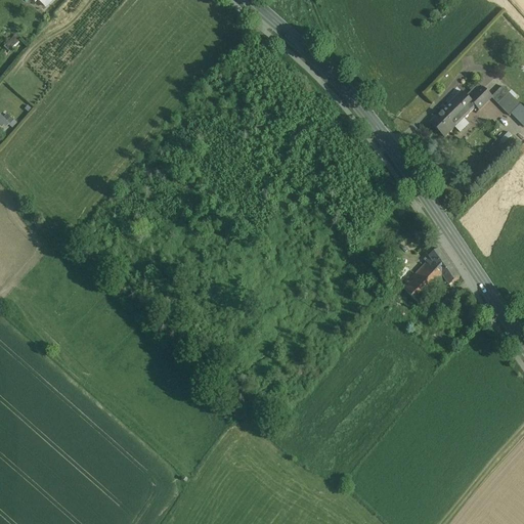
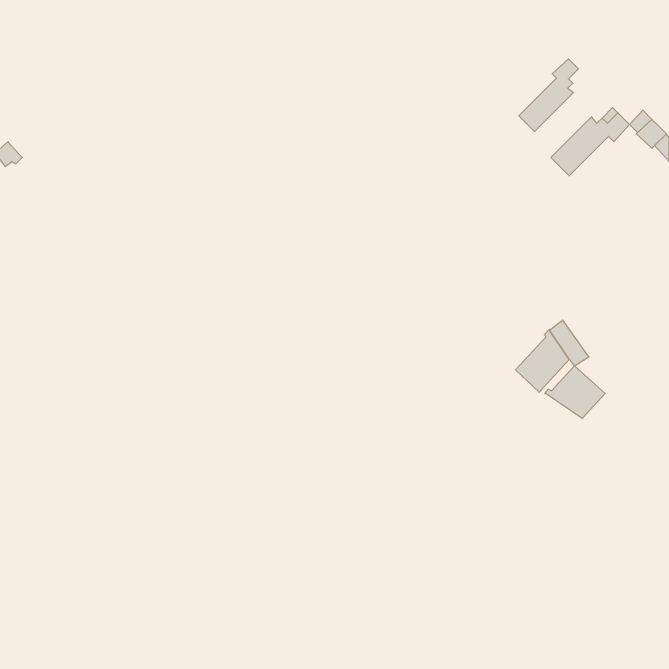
building: none -> [519,59,578,132]
building: none -> [545,366,605,419]

